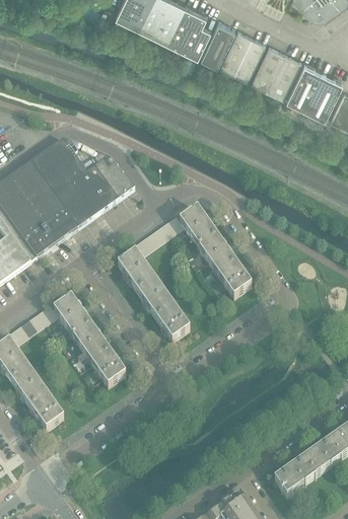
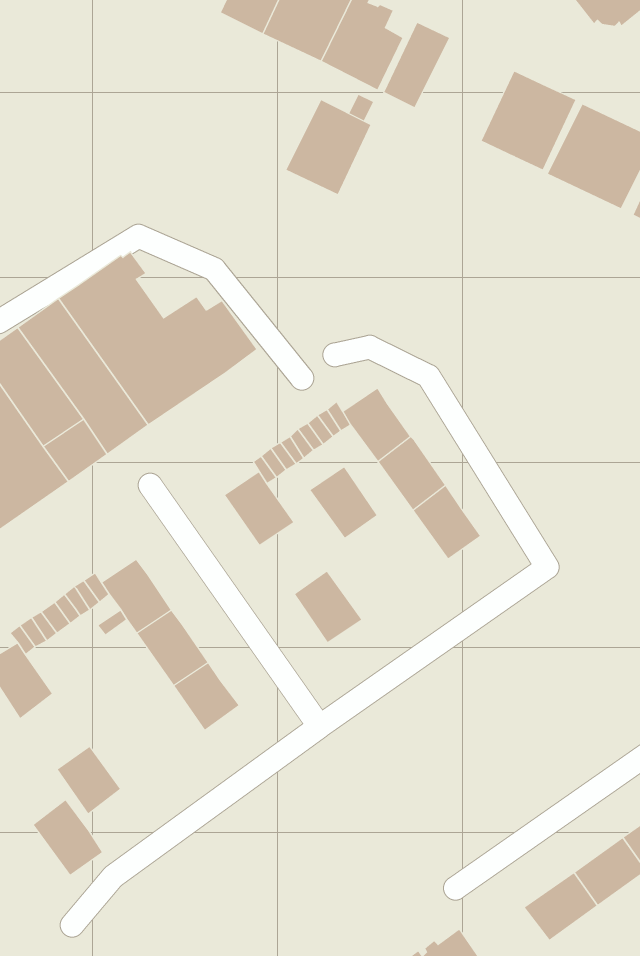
building: [220,27,265,77] -> [286,100,371,195]
building: [136,278,171,315] -> [310,467,378,539]
building: [11,367,48,406] -> [33,800,103,875]

